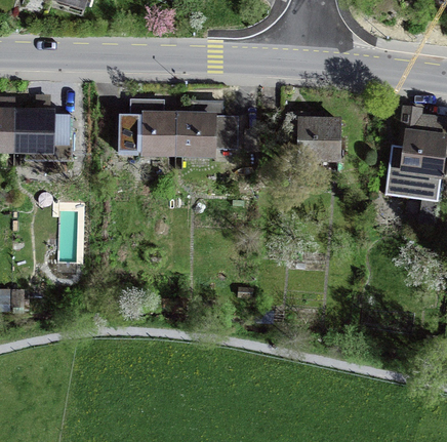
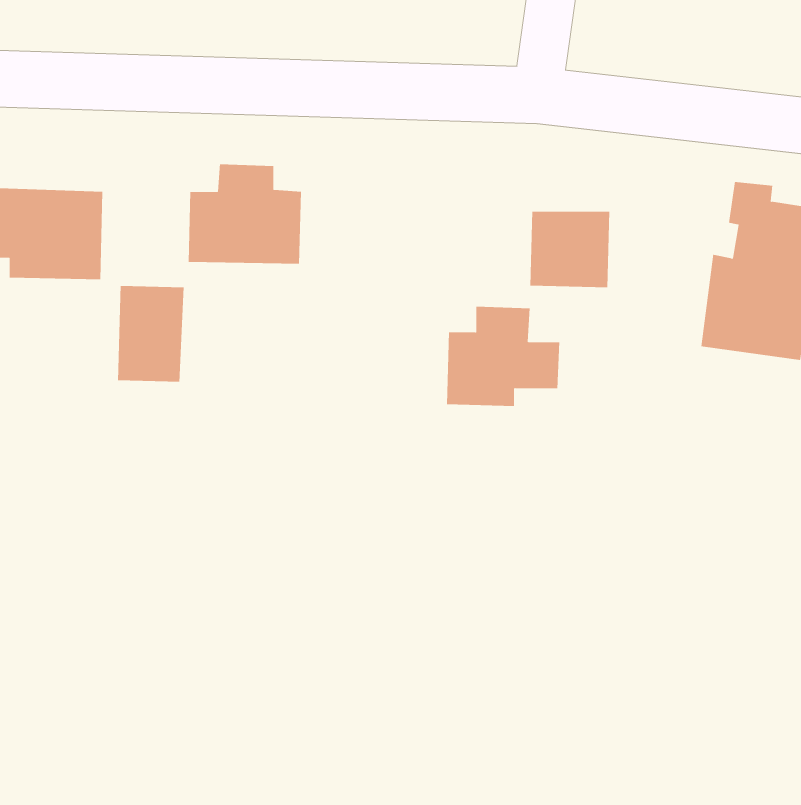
building: [175,102,235,154] -> [446,306,560,407]
building: none -> [118,285,184,382]

